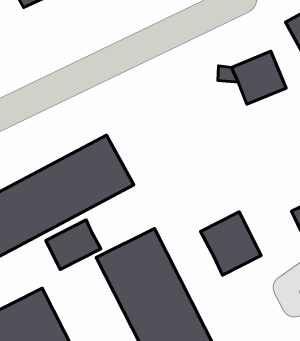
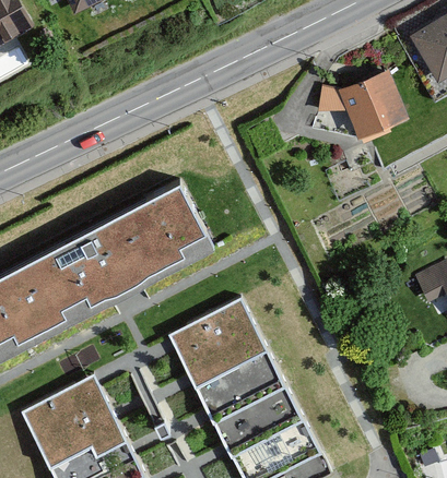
building: [200,212,261,275] -> none
building: [46,220,101,269] -> none

